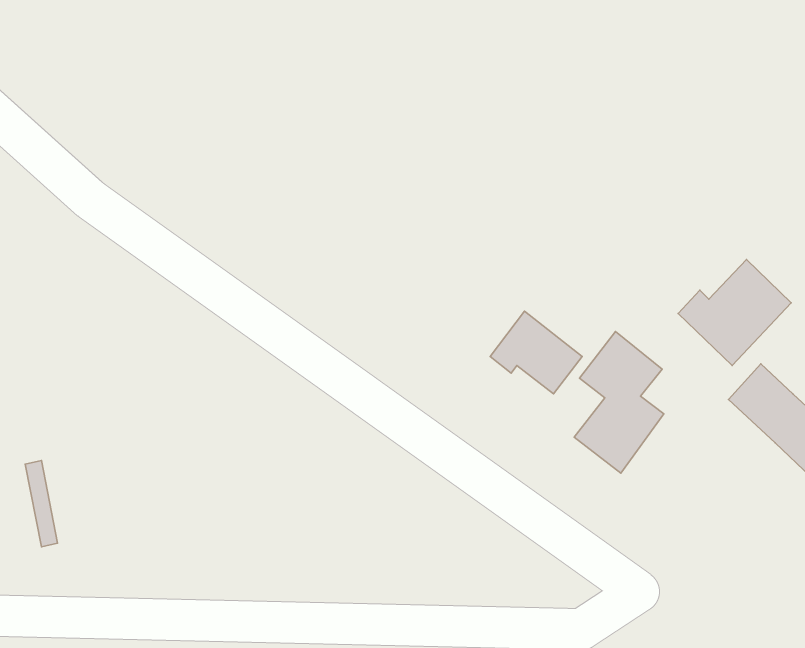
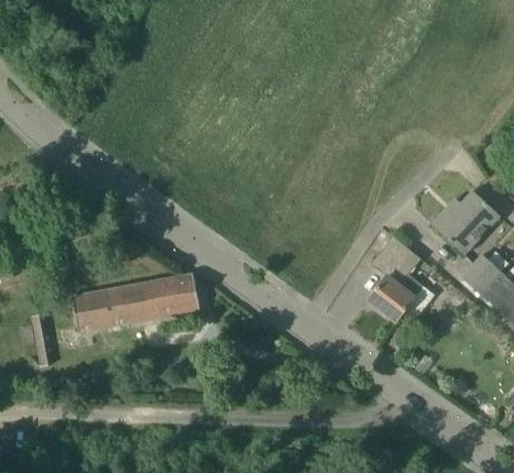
building: [490,311,582,394] -> none
building: none -> [73,273,200,332]

